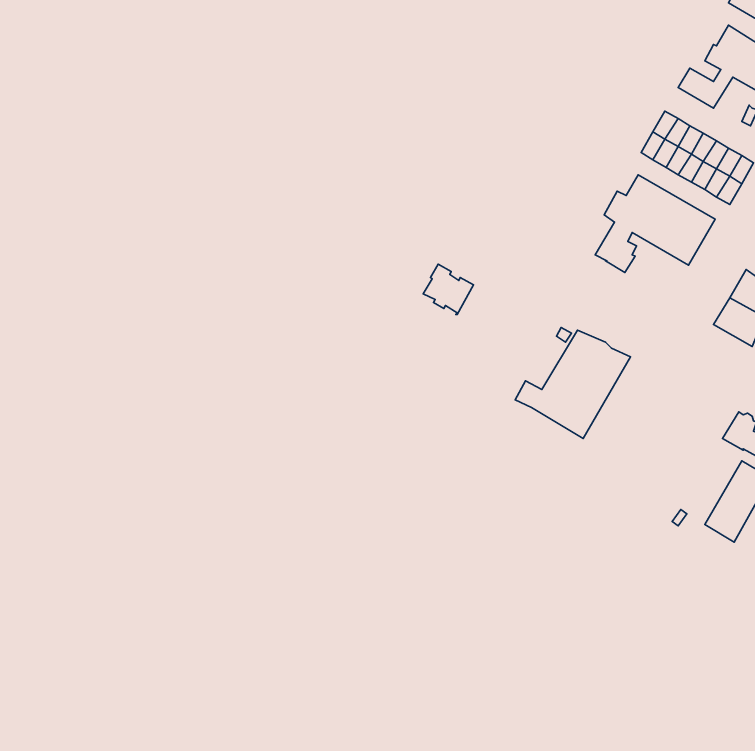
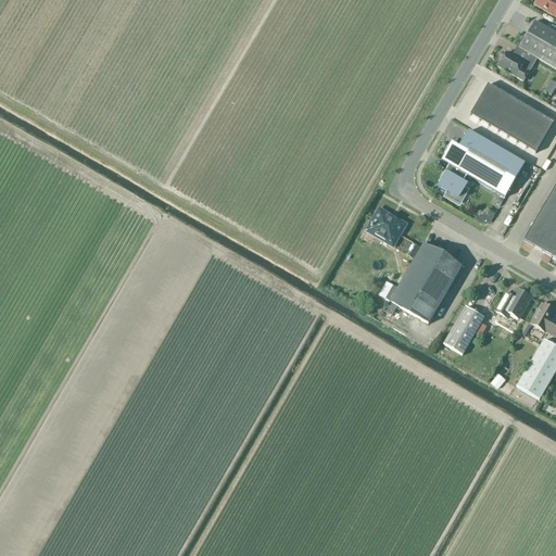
building: [423,264,474,314] -> [369,206,406,243]
building: none -> [496,287,532,316]
building: none -> [444,304,485,353]

